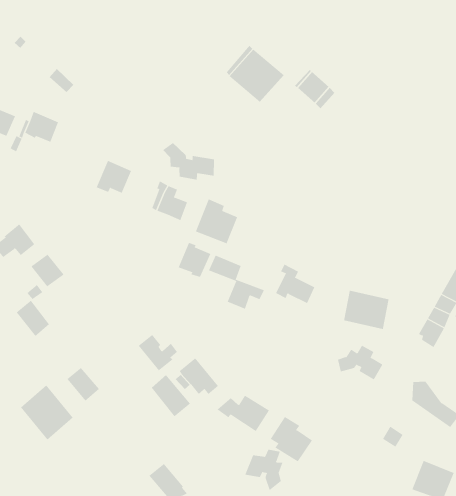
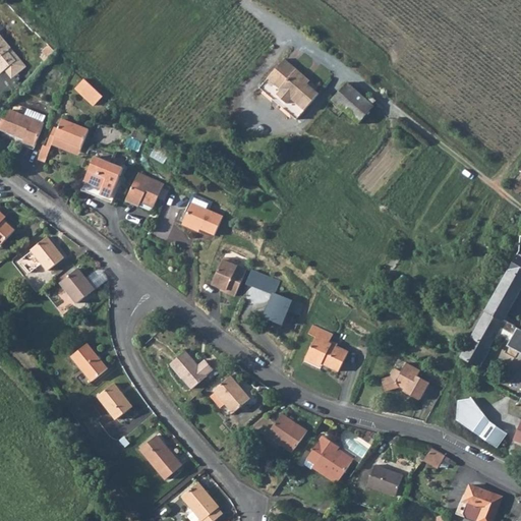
building: [162,142,214,180] -> none
building: none -> [82,155,122,196]
building: [195,199,238,244] -> none
building: [275,264,315,304] -> [304,328,346,369]
building: [343,290,389,330] -> none
building: [16,300,50,337] -> [69,346,105,385]
building: [151,374,191,417] -> [138,437,180,481]
building: [20,385,73,440] -> none
building: none -> [368,467,405,498]
building: [245,449,283,491] -> none

